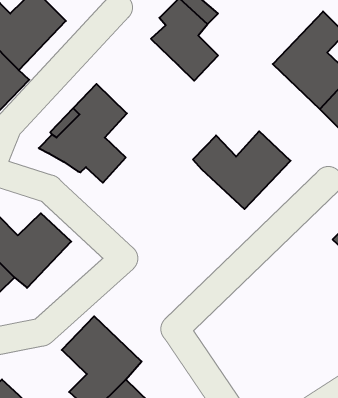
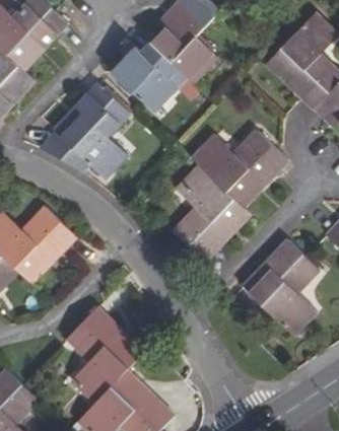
building: none -> [110,41,177,112]
building: none -> [173,166,250,260]
building: none -> [244,240,318,335]

